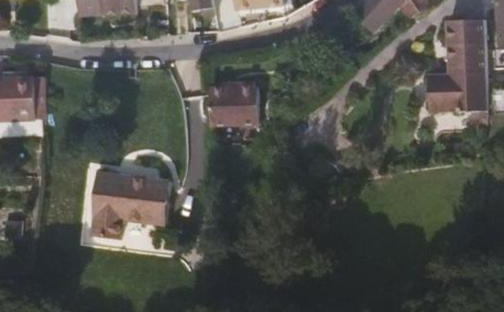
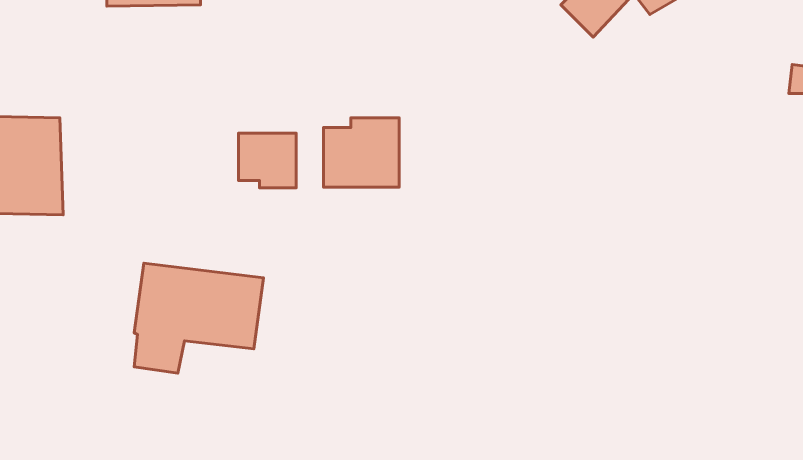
building: [428,18,487,112] -> none
building: none -> [239,133,296,188]

